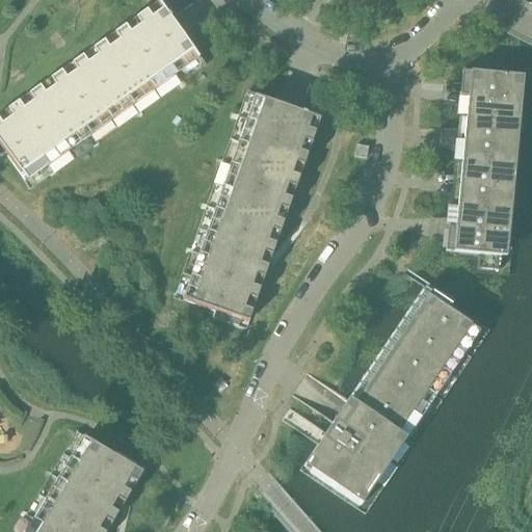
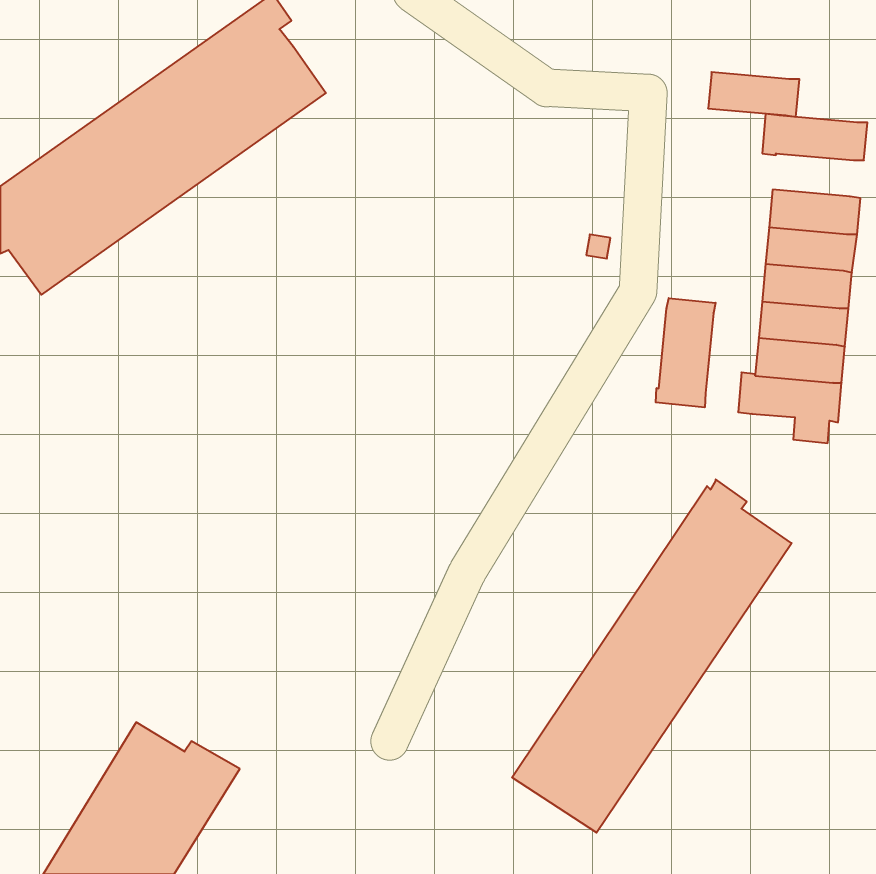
building: [469,92,524,119] -> [708,72,799,117]
building: [185,95,323,326] -> none
building: none -> [656,298,716,407]

